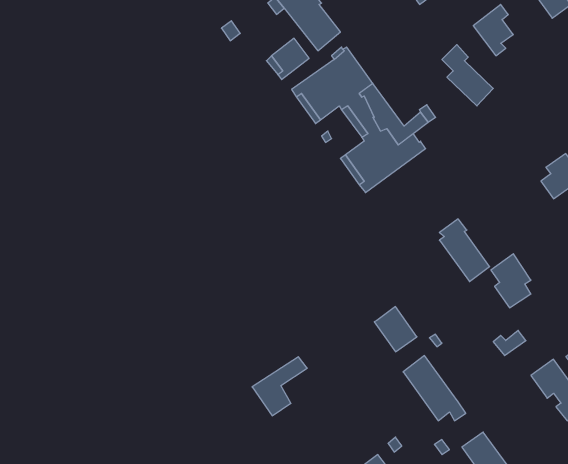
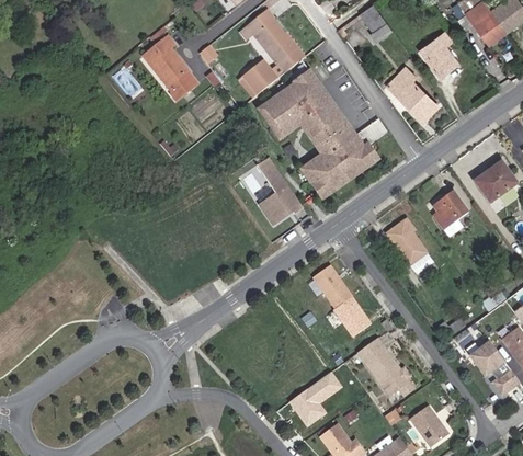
building: none -> [143,36,196,96]
building: none -> [257,157,302,224]
building: [491,254,531,308] -> [433,190,468,237]
building: none -> [312,264,352,308]
building: [252,357,307,416] -> [291,372,339,423]

